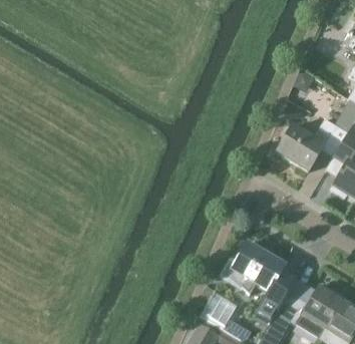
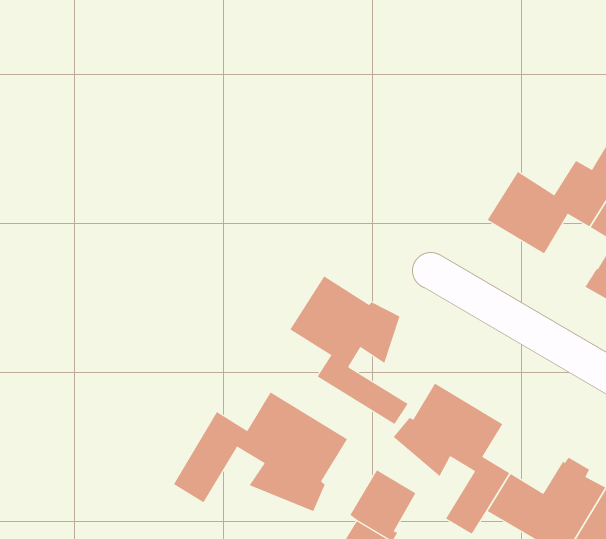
building: none -> [290,276,408,425]
building: none -> [173,392,348,512]

